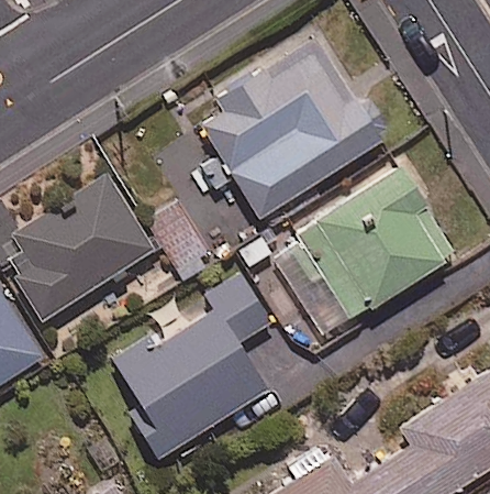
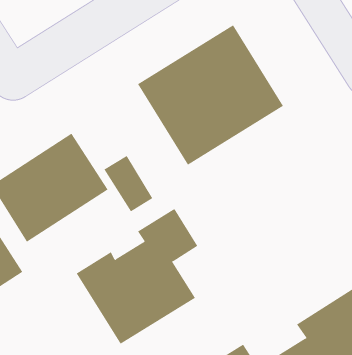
building: [267,166,456,339] -> none

